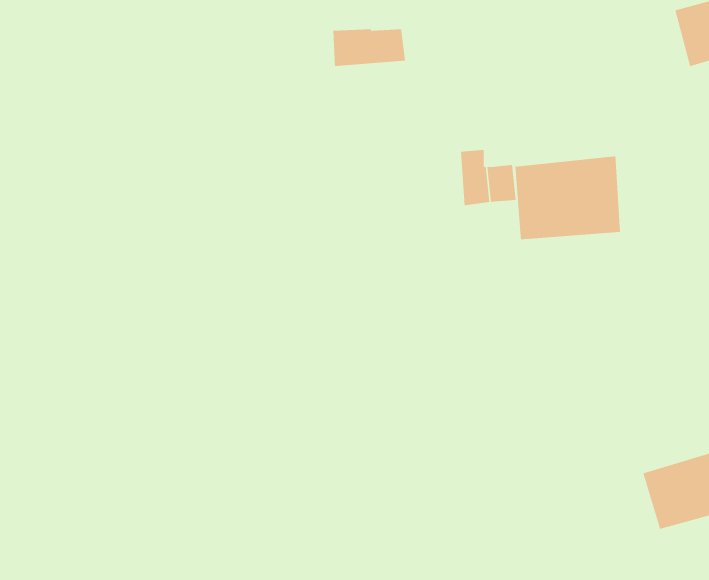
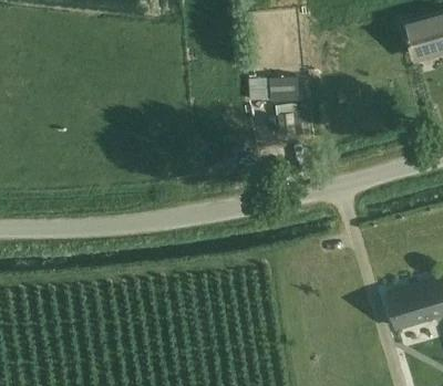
building: [332,29,406,66] -> [248,80,291,102]
building: [515,155,621,240] -> none

